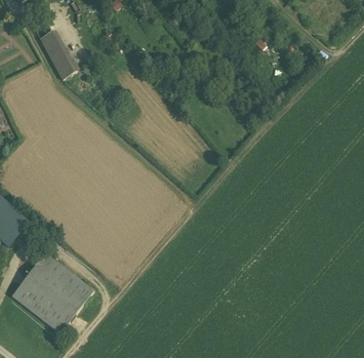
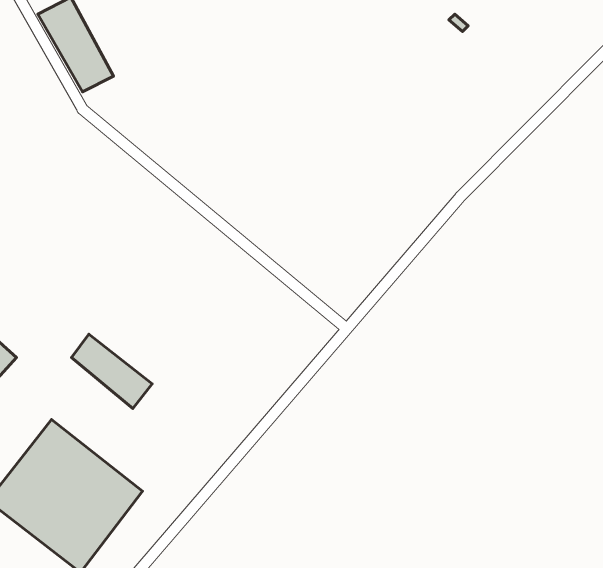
building: none -> [72,334,152,409]

